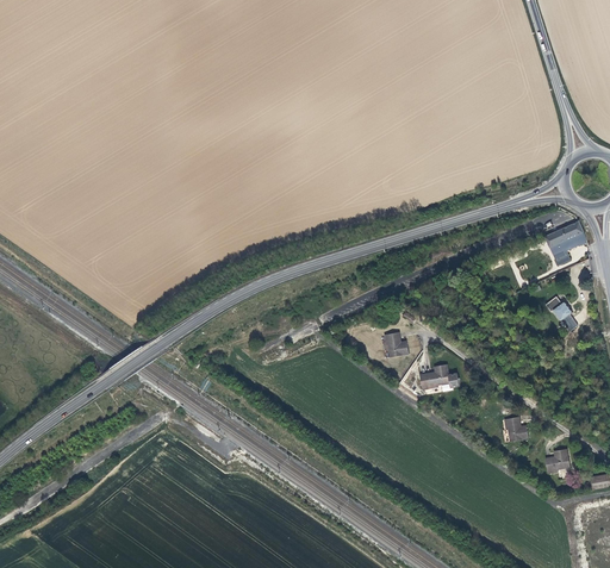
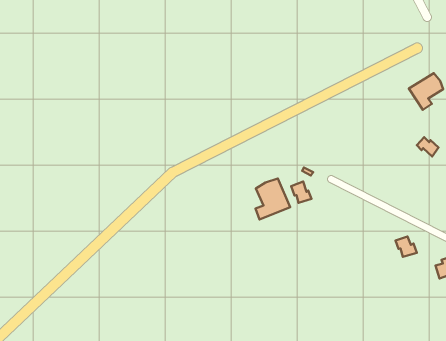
building: none -> [256,178,290,219]
building: [419,364,460,391] -> none

